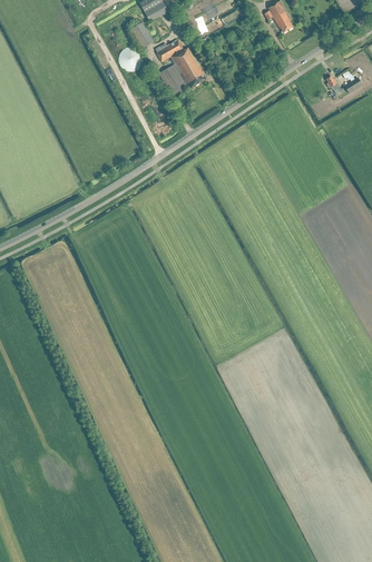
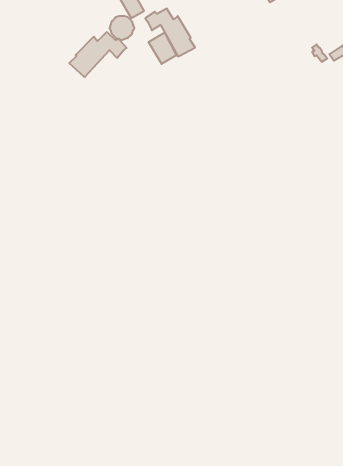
building: none -> [69,32,127,77]

